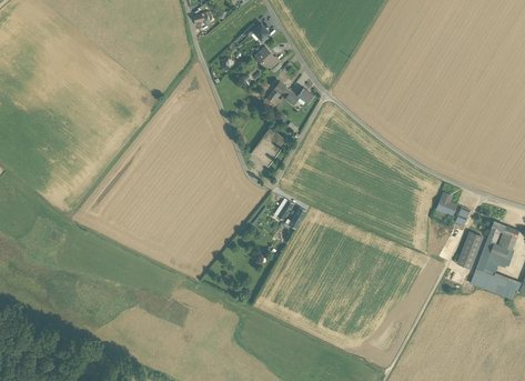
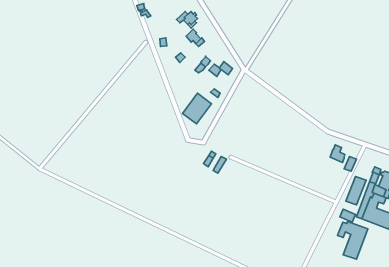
building: none -> [337,222,368,259]

